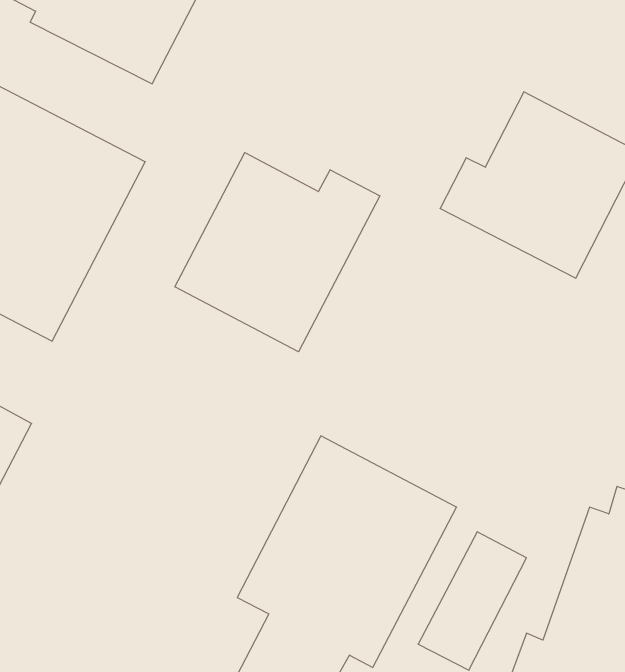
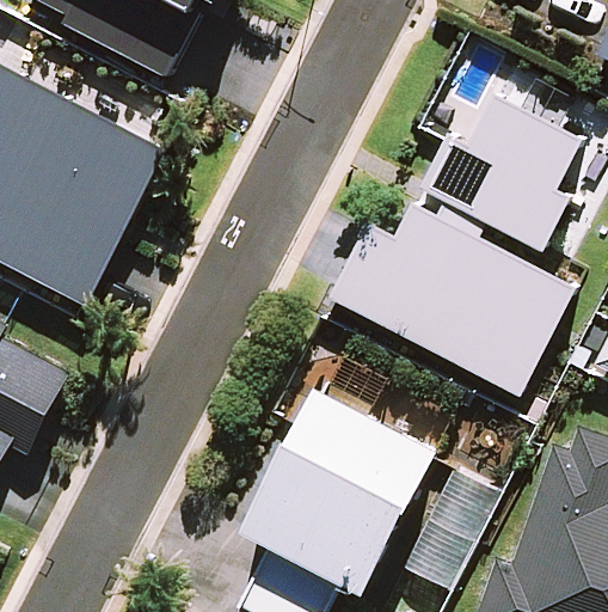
building: [175,153,380,352] -> none
building: none -> [330,204,573,396]

